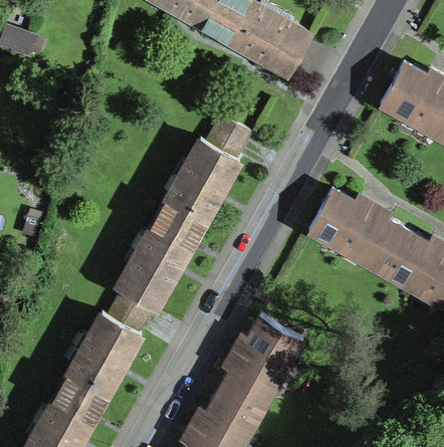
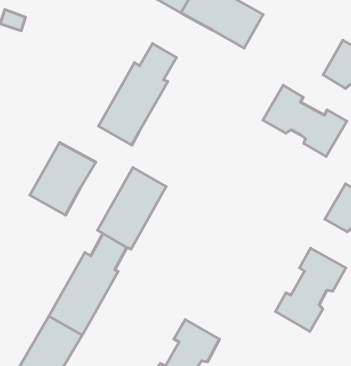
building: [158,117,249,235] -> [98,44,176,145]
building: none -> [30,143,96,215]
building: [308,190,407,273] -> [263,85,347,156]
building: [219,316,301,414] -> [275,248,346,331]

